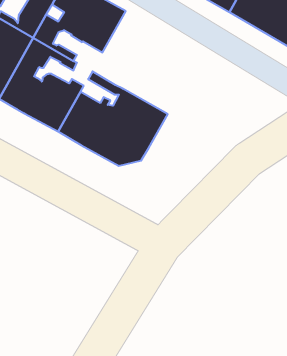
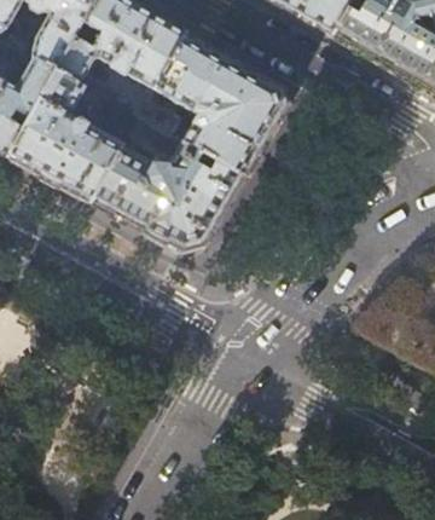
building: none -> [134,29,282,174]

